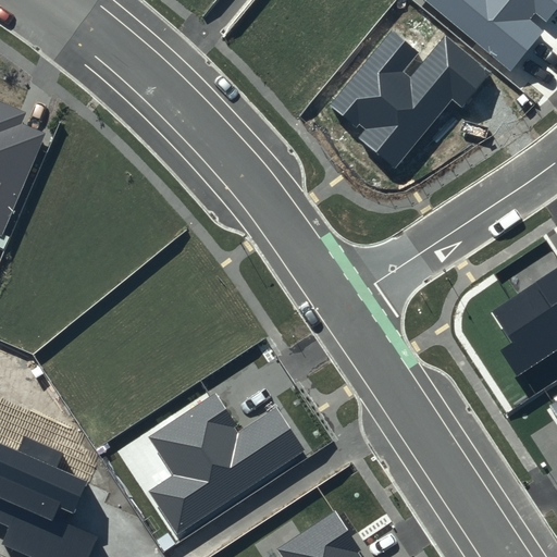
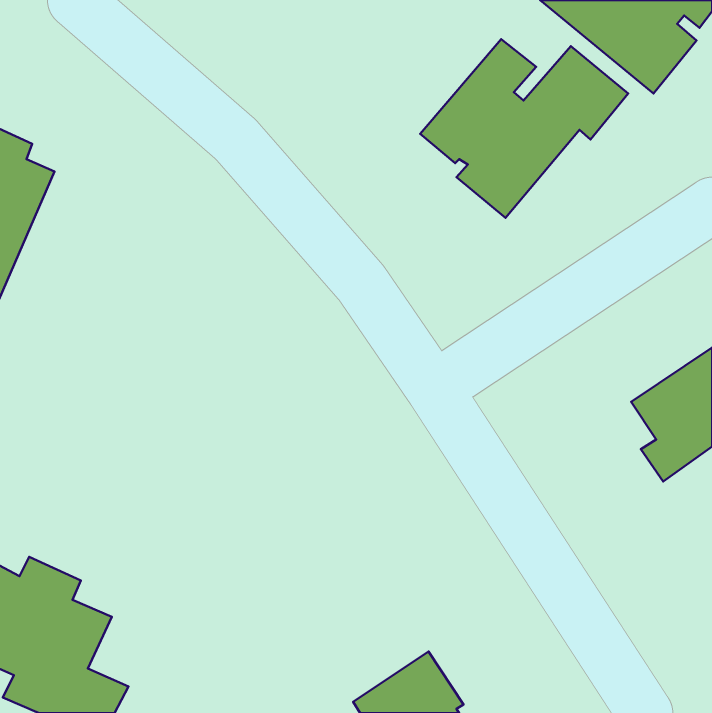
building: [147,394,305,534] -> none

